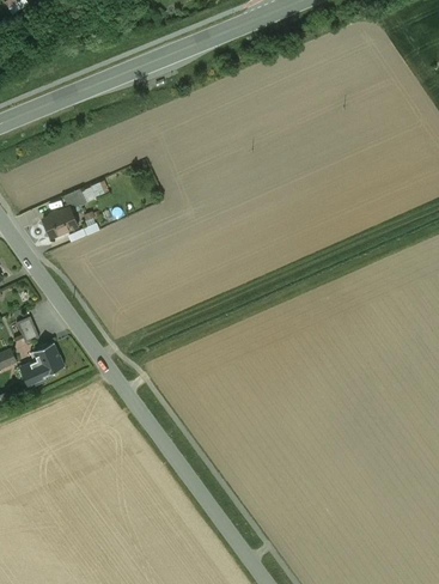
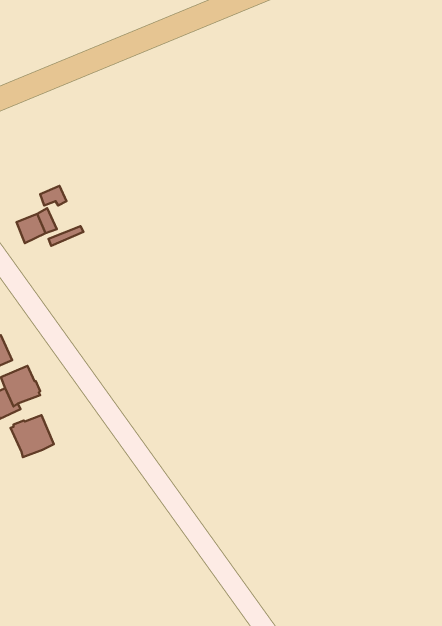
building: none -> [10,415,54,457]

